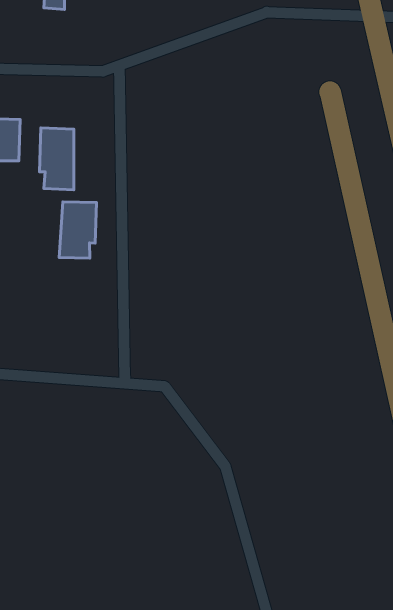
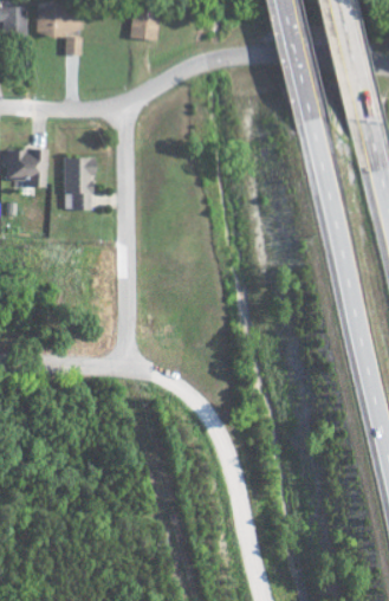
building: [59,202,96,258] -> none

